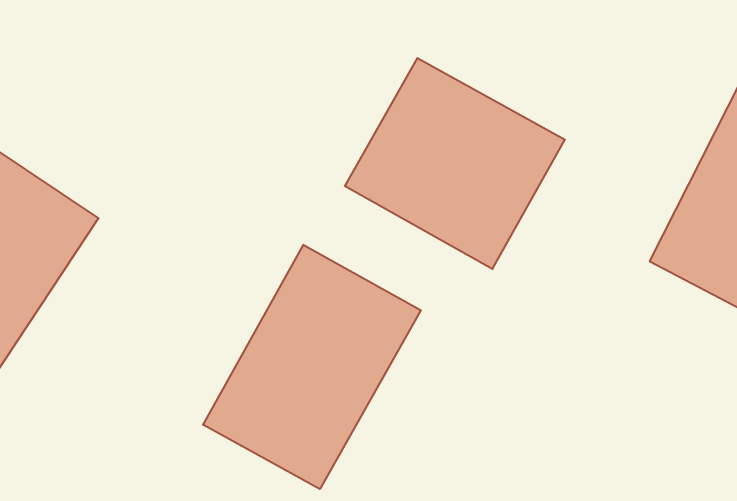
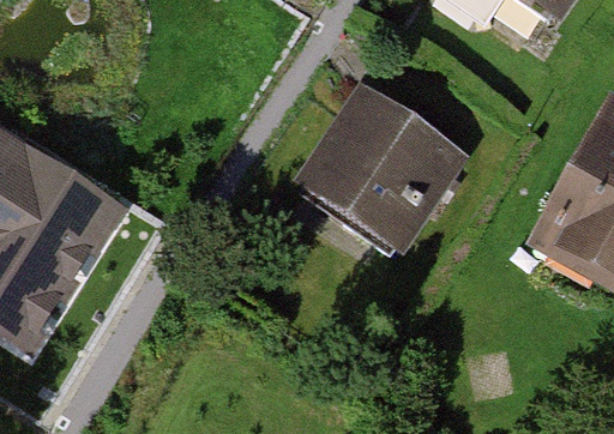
building: [203,245,421,489] -> none

